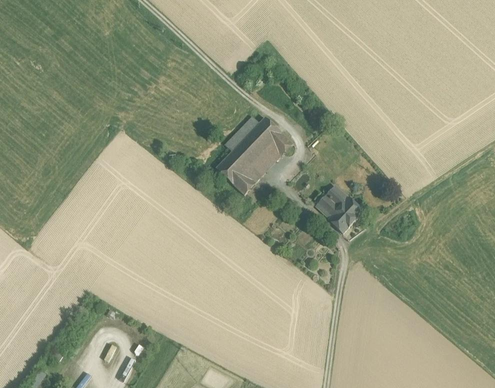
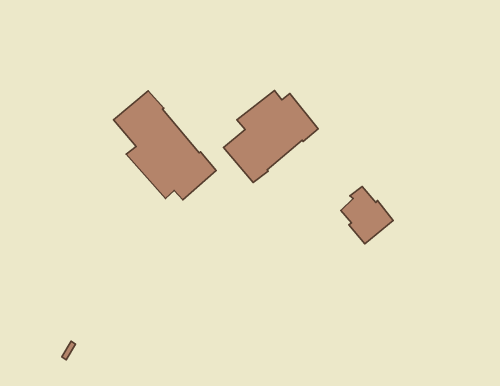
building: none -> [114,91,216,200]

